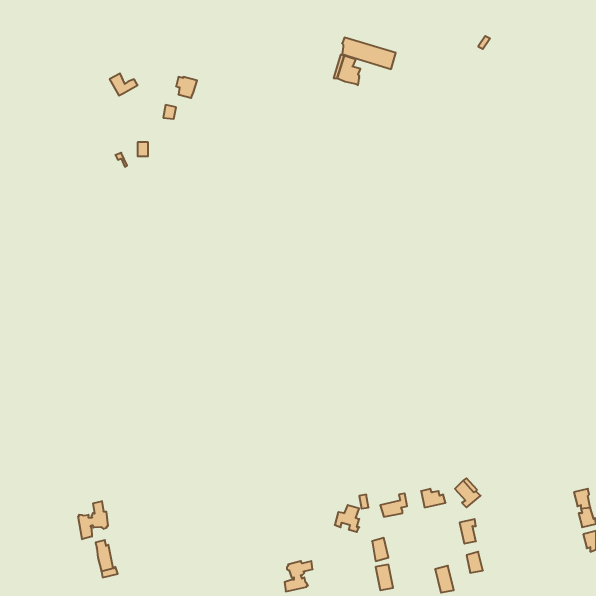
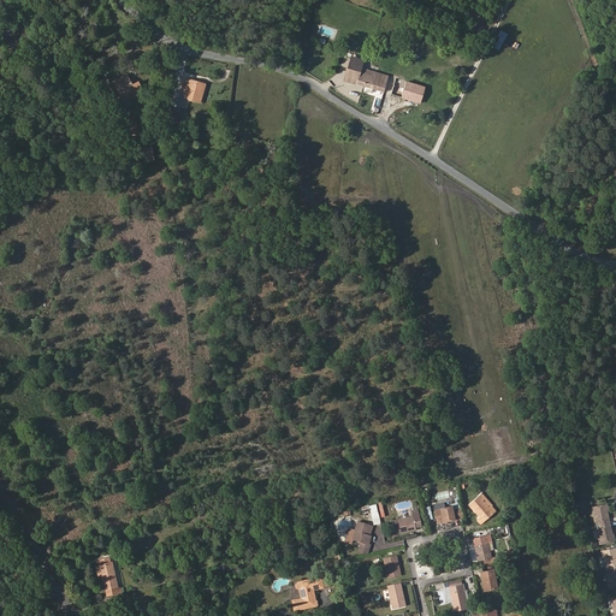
building: [342,38,396,69] -> [369,71,425,103]
building: [78,501,108,539] -> none

